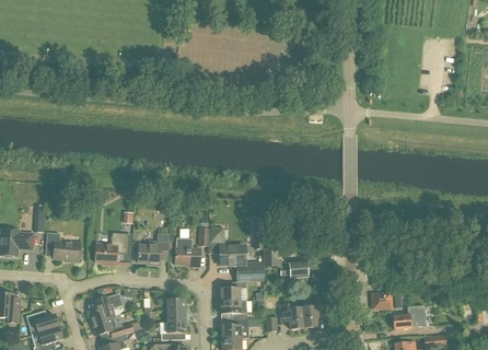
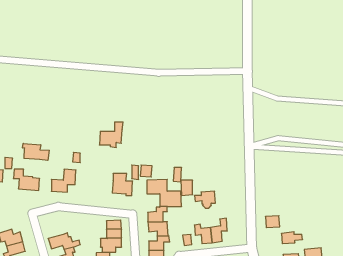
building: none -> [23,143,49,160]
building: [138,233,169,266] -> [99,122,123,147]
building: [88,293,123,323] -> none

